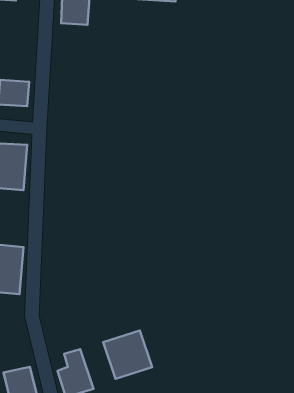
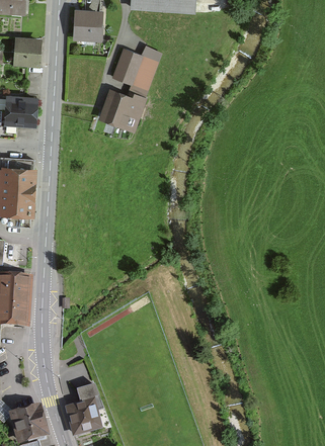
building: none -> [13,37,40,65]
building: none -> [100,49,160,130]
building: [103,330,152,379] -> none

